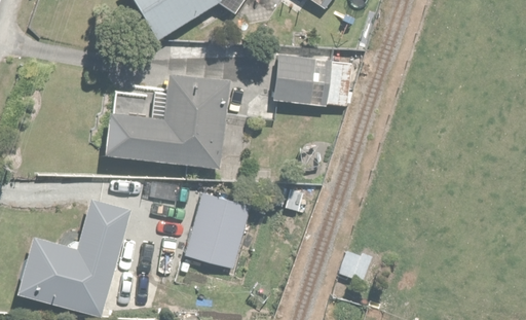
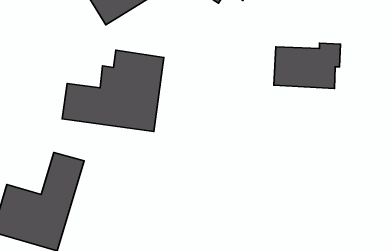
building: [274,49,355,105] -> [274,43,340,89]
building: [186,190,251,270] -> none

